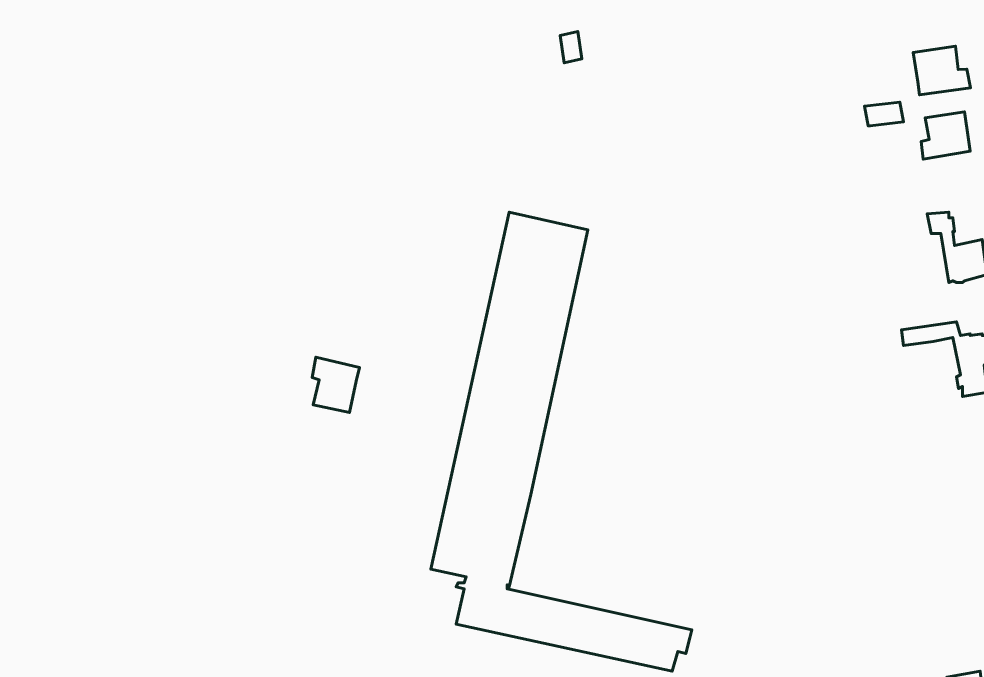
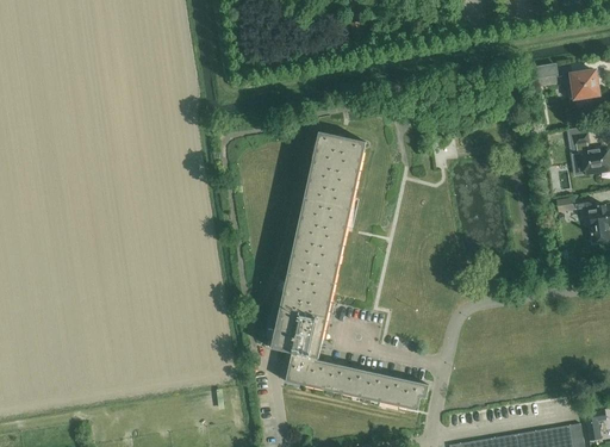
building: [913,46,970,95] -> none
building: [312,357,359,413] -> none

